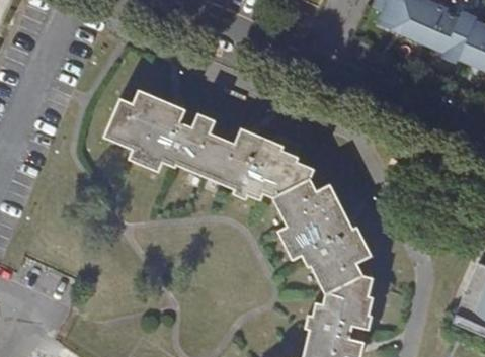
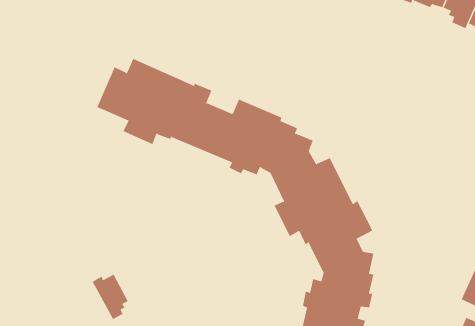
building: none -> [92,274,128,320]

